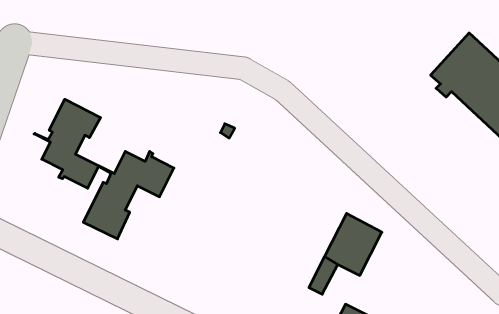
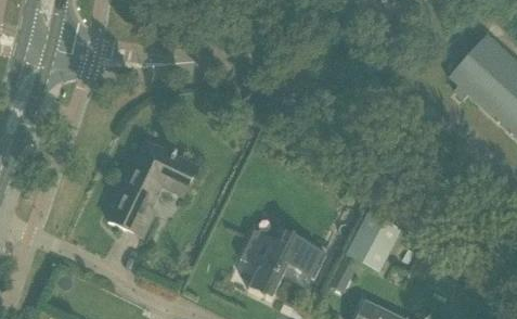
building: [34,99,101,188] -> none
building: none -> [241,228,327,298]

